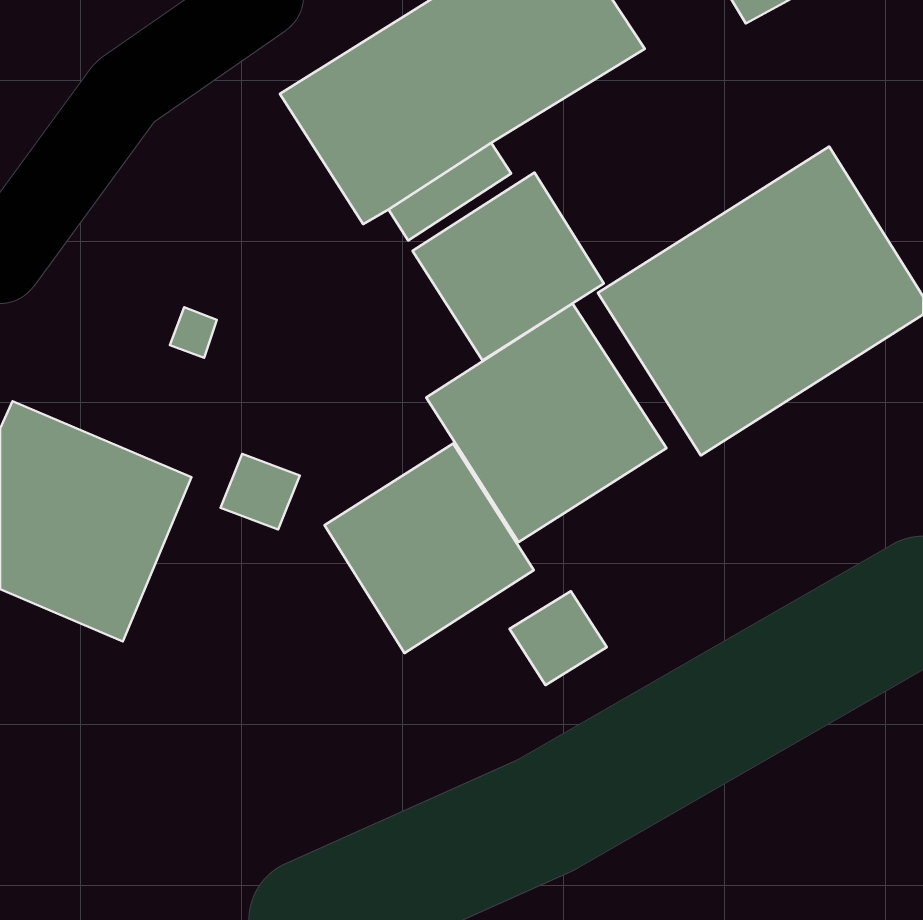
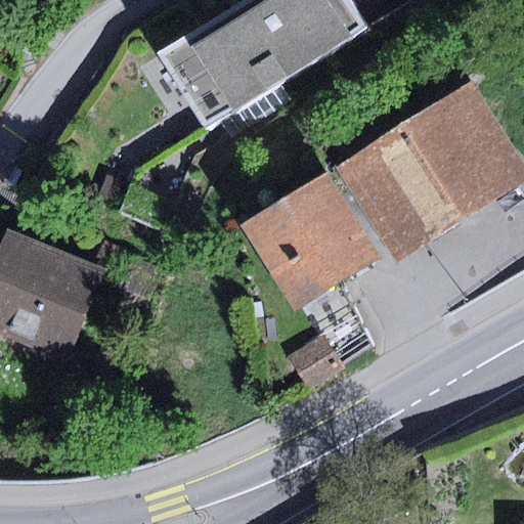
building: [412,173,604,361] -> none
building: [325,443,534,653] -> none

